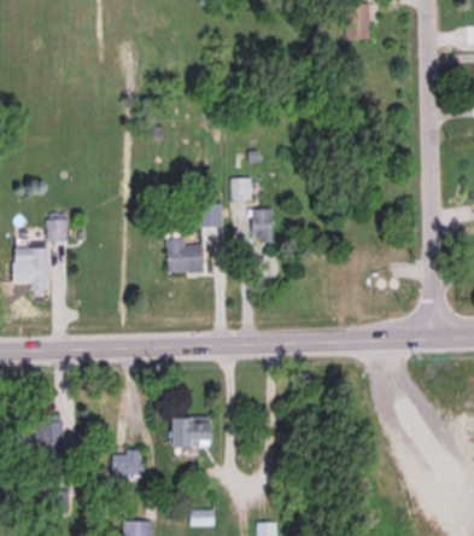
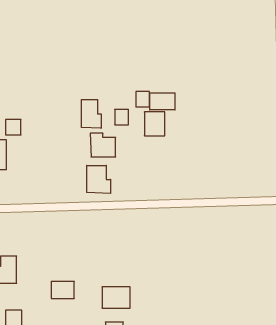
building: none -> [150,93,175,110]
building: none -> [81,100,101,128]
building: none -> [87,165,111,193]
building: [170,415,210,445] -> [102,287,130,308]

